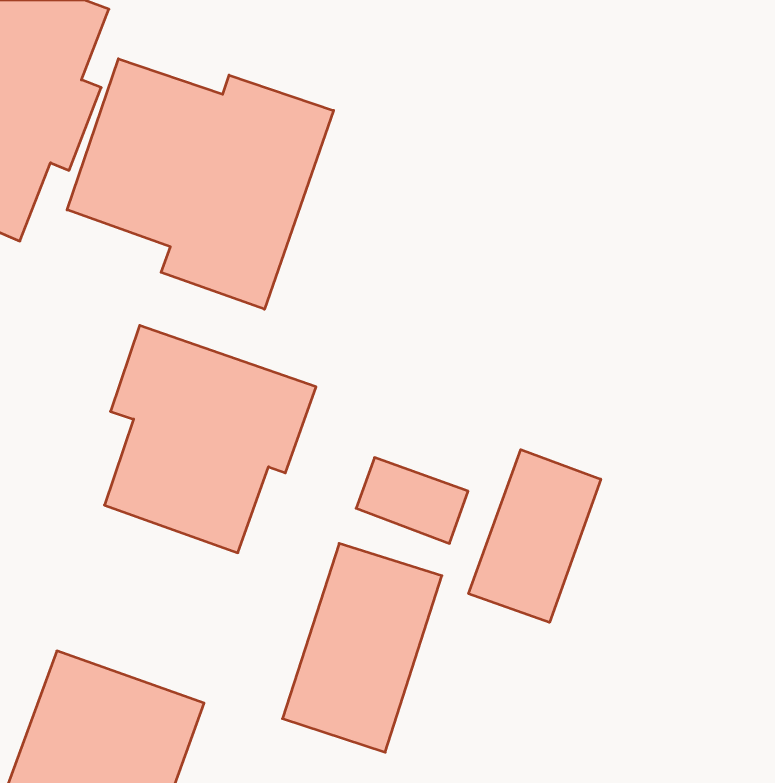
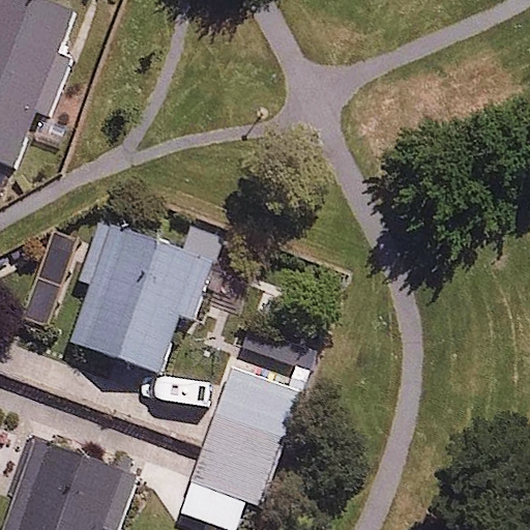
building: [67,59,334,309] -> none
building: [469,450,601,622] -> none

